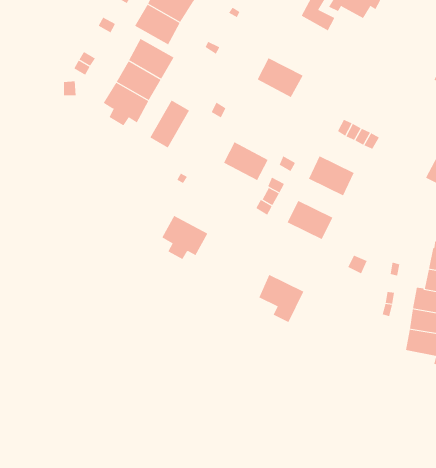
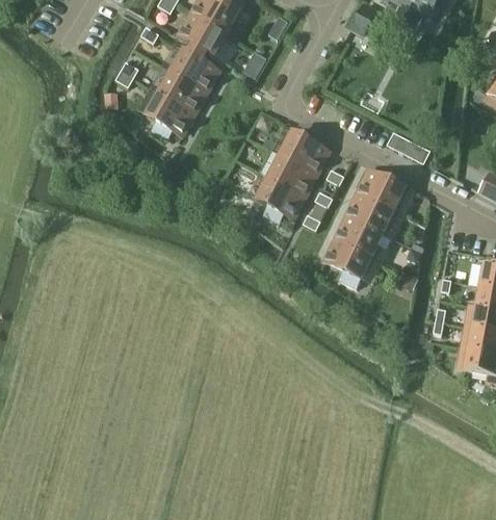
building: [257,57,303,98] -> [281,131,329,173]
building: [150,99,190,149] -> none
building: none -> [346,192,393,232]
building: [162,215,208,260] -> [257,176,305,222]
building: [259,274,304,323] -> [324,237,371,287]

